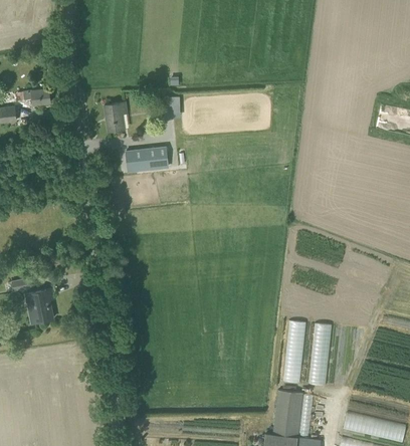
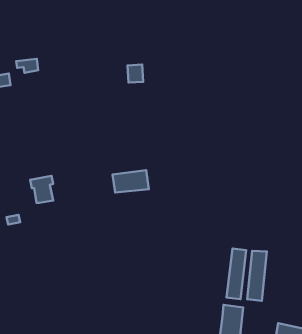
building: [104,102,128,132] -> none
building: [125,146,169,173] -> [113,170,149,192]
building: [25,289,53,322] -> [30,176,53,203]

